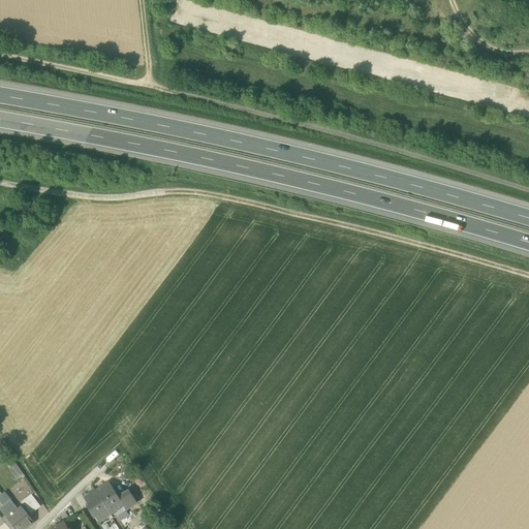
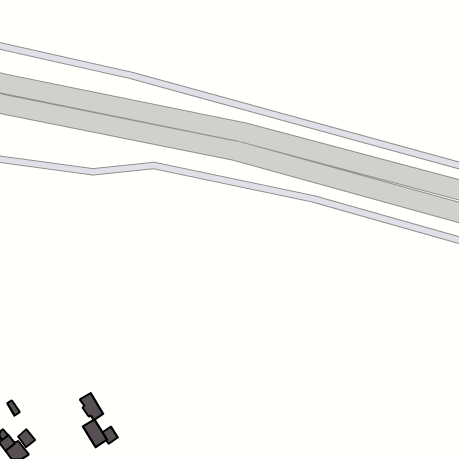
building: [83,490,110,521] -> [80,393,103,420]

